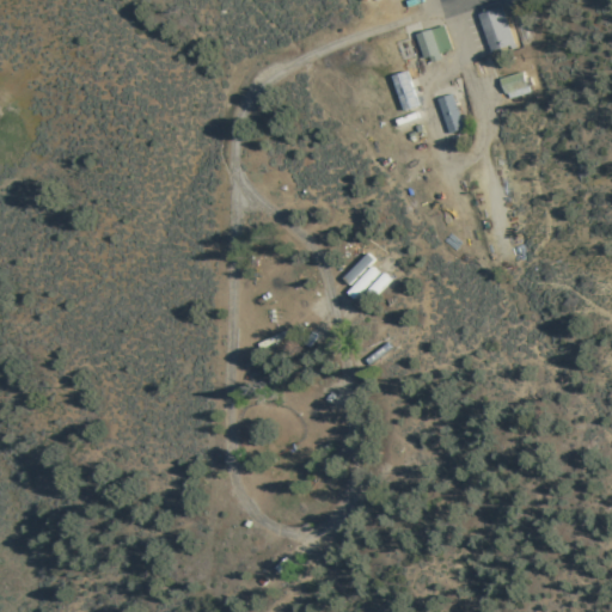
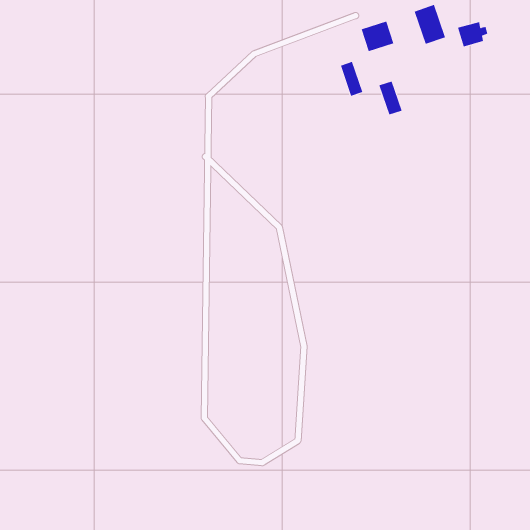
building: [498,72,534,102] -> [457,21,488,47]
building: [339,250,385,296] -> none

